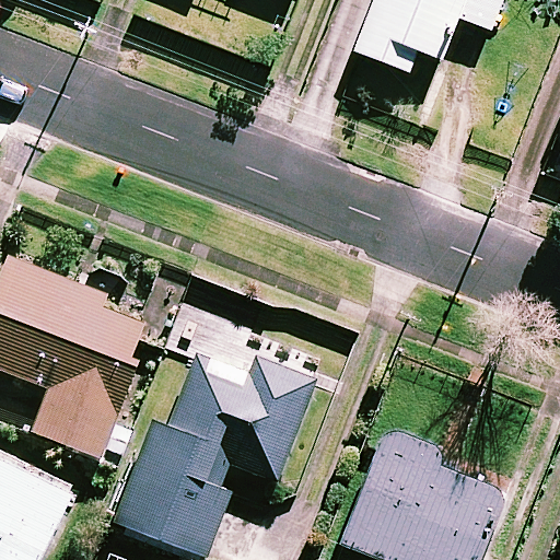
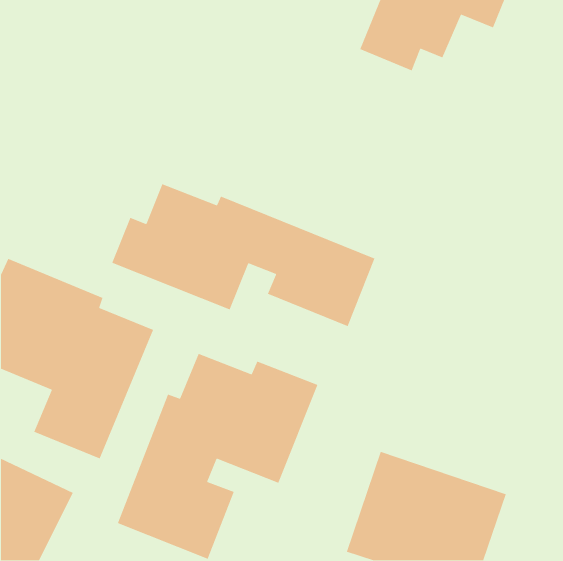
building: none -> [111,183,376,327]

